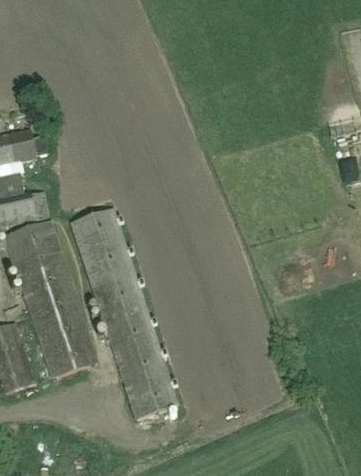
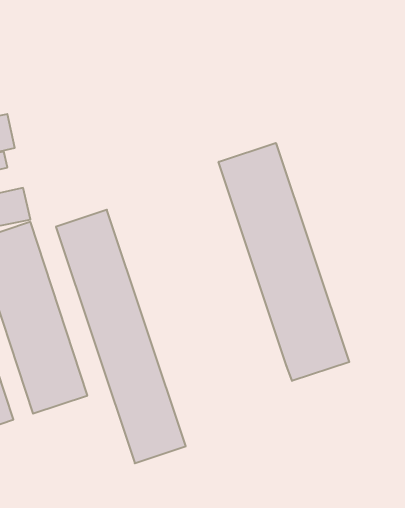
building: none -> [219,143,349,381]

